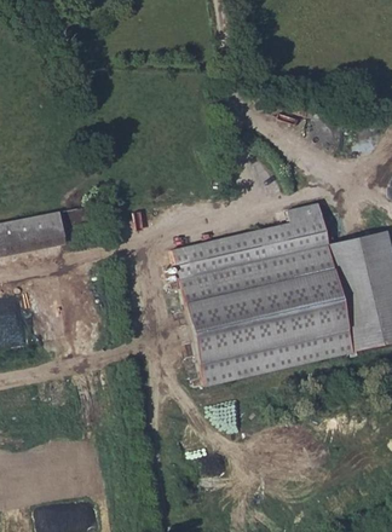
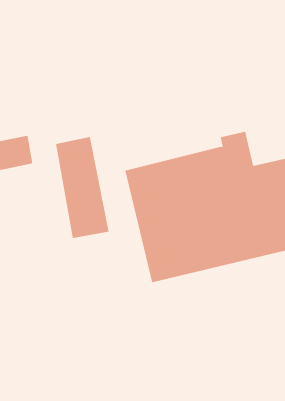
building: none -> [55,136,109,239]

